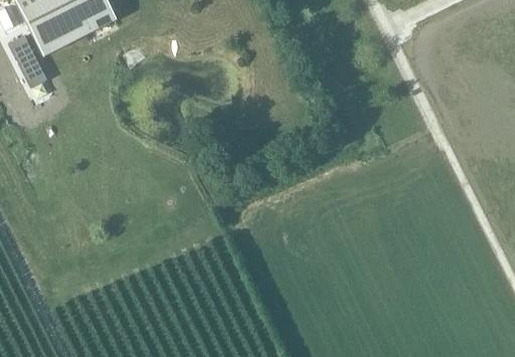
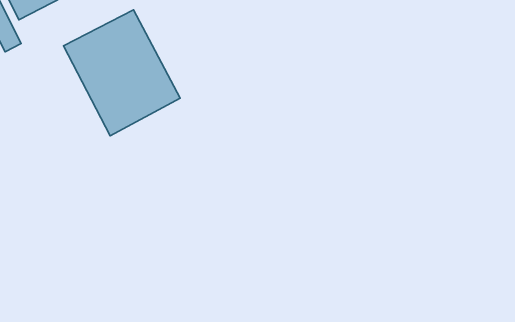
building: none -> [63,10,180,136]

